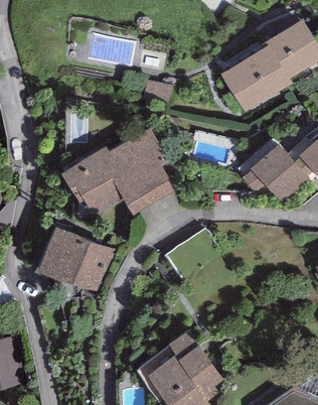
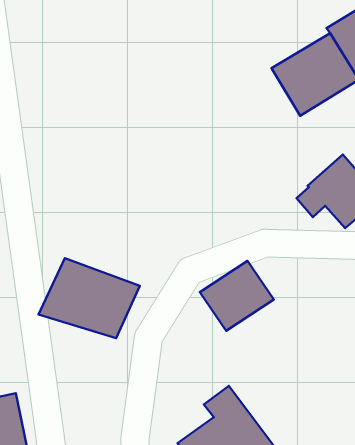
building: [59,127,174,215] -> none

